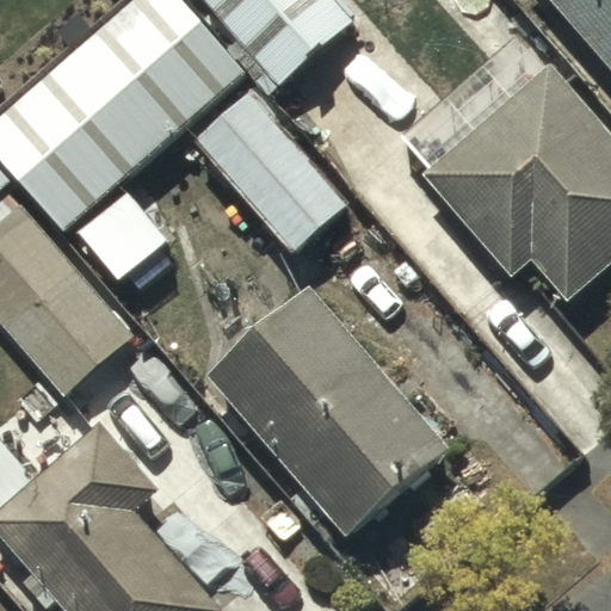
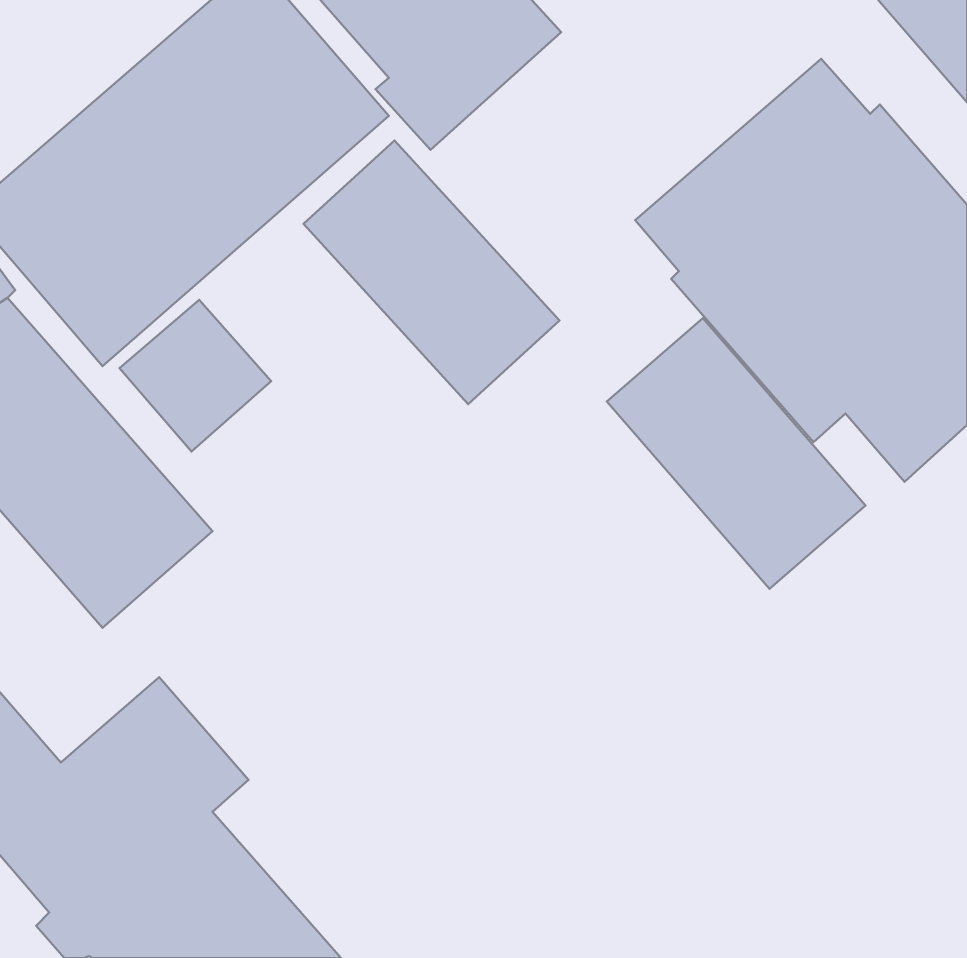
building: none -> [607,318,865,589]
building: [208,286,448,535] -> none

